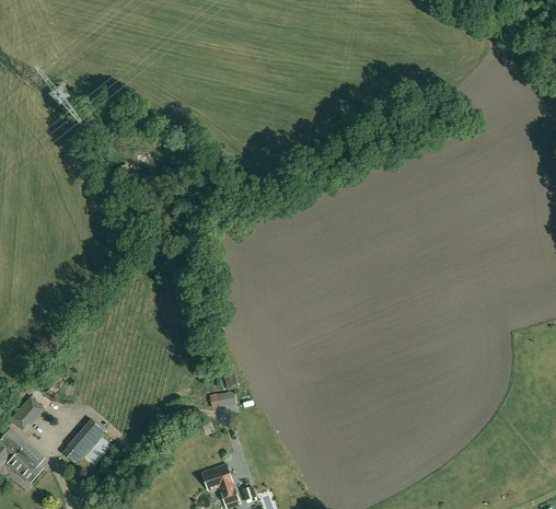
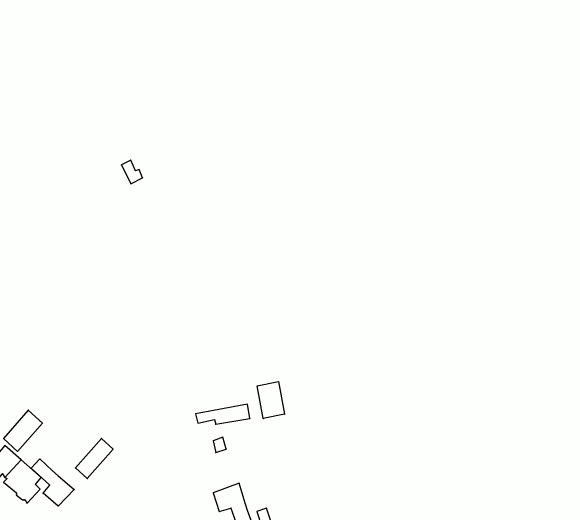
building: none -> [257,382,285,419]
building: none -> [31,459,74,506]

